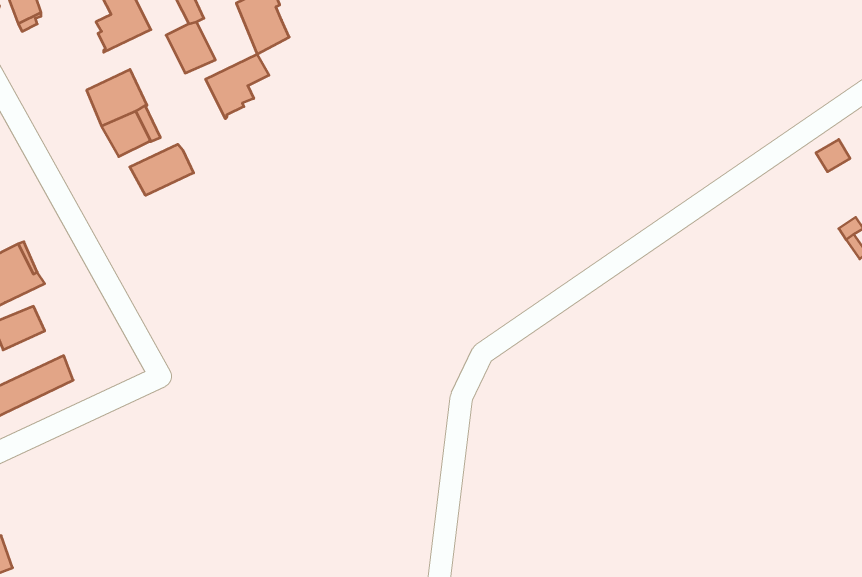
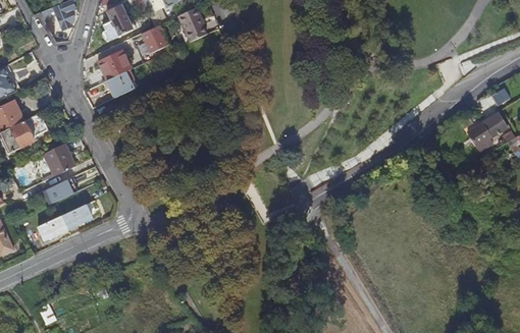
building: [206,54,269,119] -> none
building: [130,144,194,195] -> none
building: none -> [468,112,508,146]

